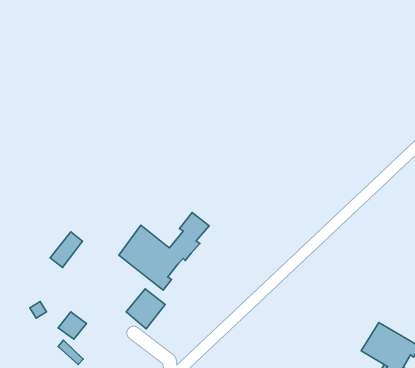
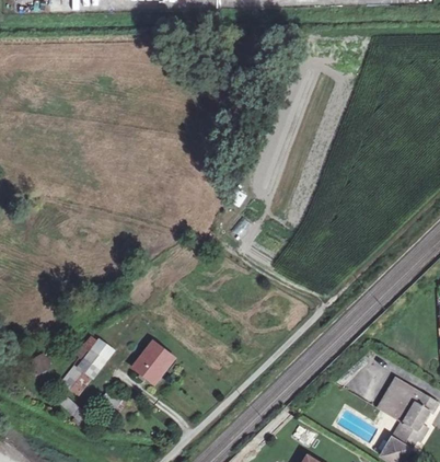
building: [119,213,209,290] -> none
building: [50,232,83,267] -> [78,339,112,377]

